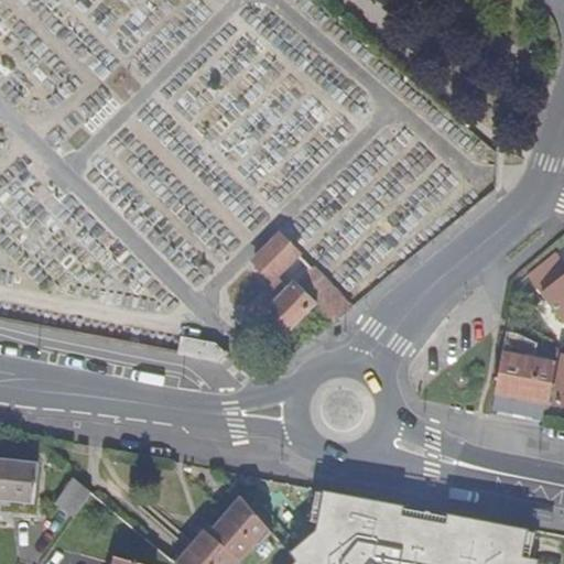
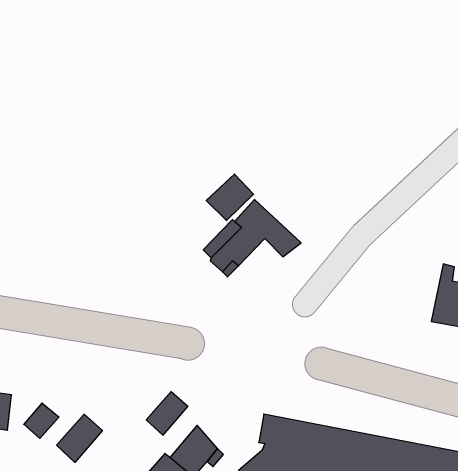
building: none -> [146,392,188,435]
building: none -> [57,414,102,462]

